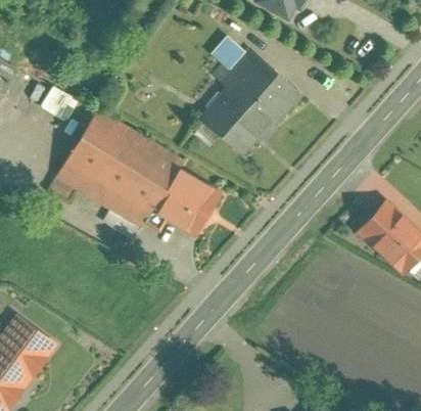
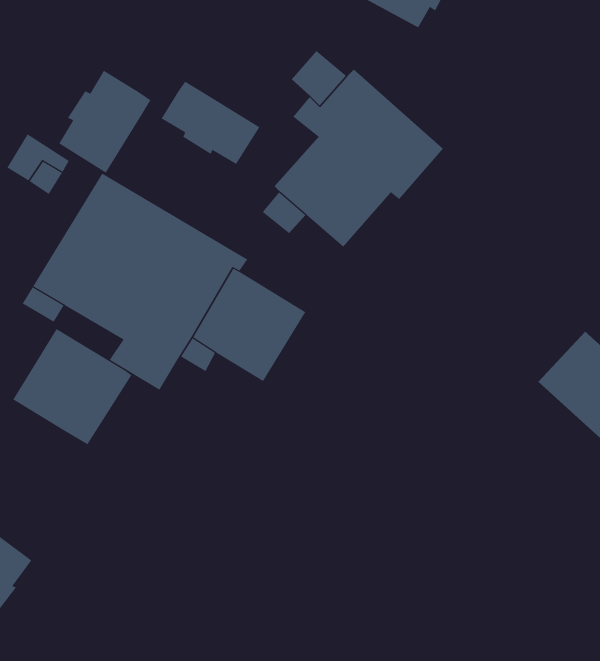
building: none -> [59,70,151,174]
building: none -> [161,81,260,165]
building: none -> [13,328,132,445]

